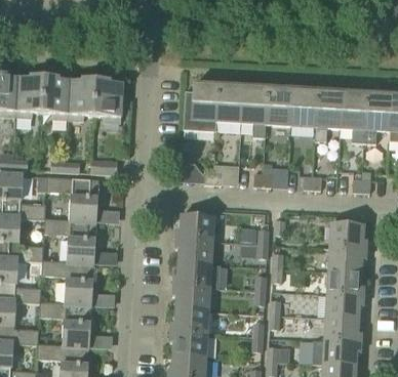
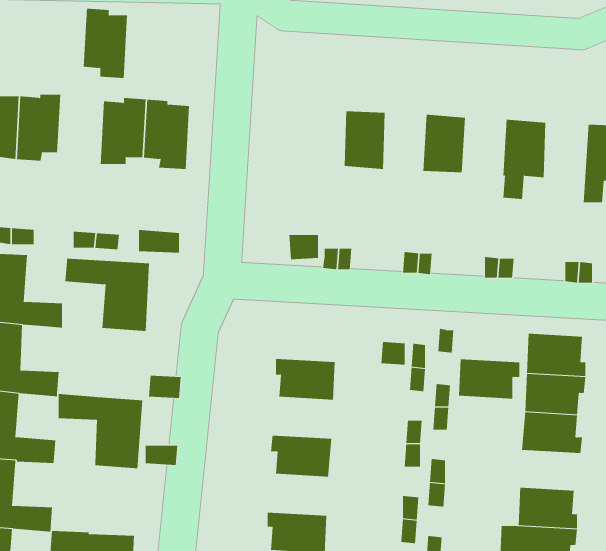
building: [42,76,70,119] -> [83,8,128,78]
building: [184,84,218,131] -> none
building: [242,87,268,137] -> none
building: [290,90,317,126] -> none
building: [341,93,367,142] -> none
building: [175,214,214,240] -> none
building: [44,218,96,263] -> none
building: [173,261,222,288] -> none
building: [325,294,363,319] -> [458,359,520,399]
building: [39,301,91,346] -> none
building: [170,308,208,334] -> none

